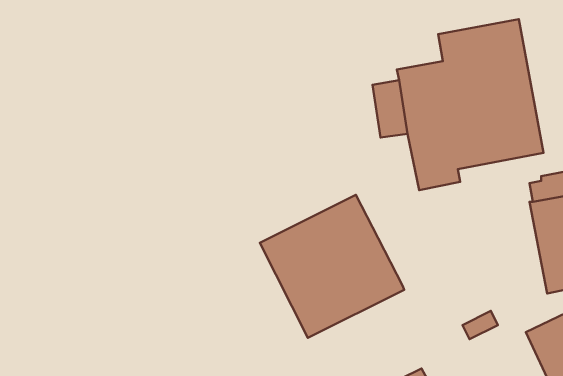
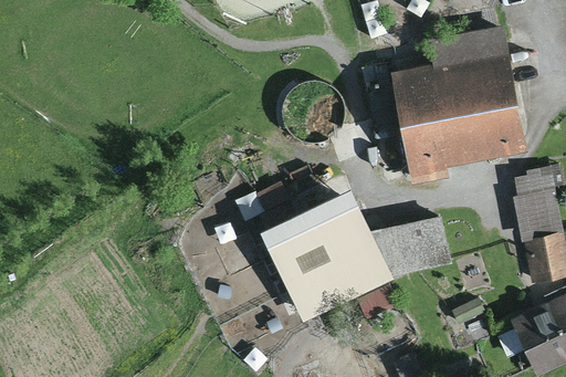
building: none -> [371,217,451,276]

